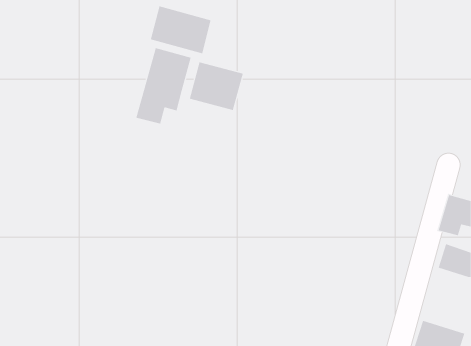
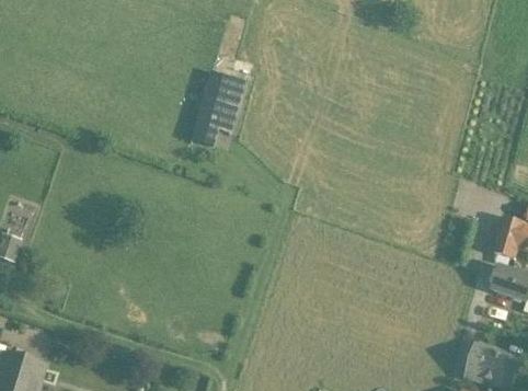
building: [150,6,211,54] -> none
building: [189,62,243,111] -> none

